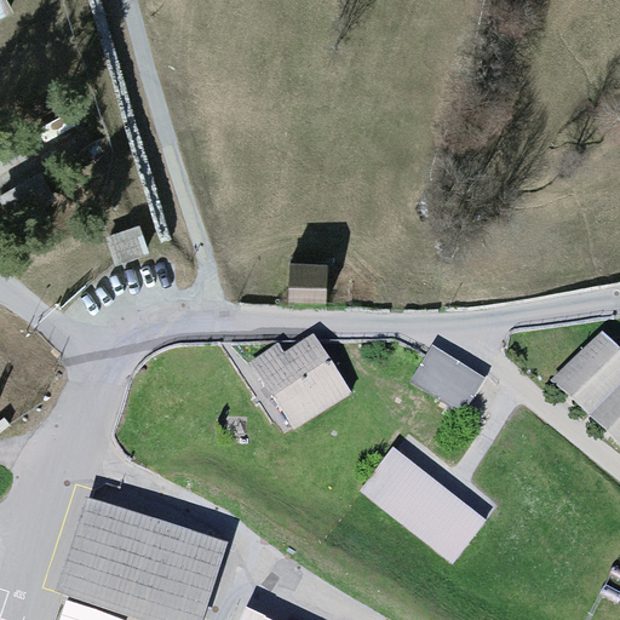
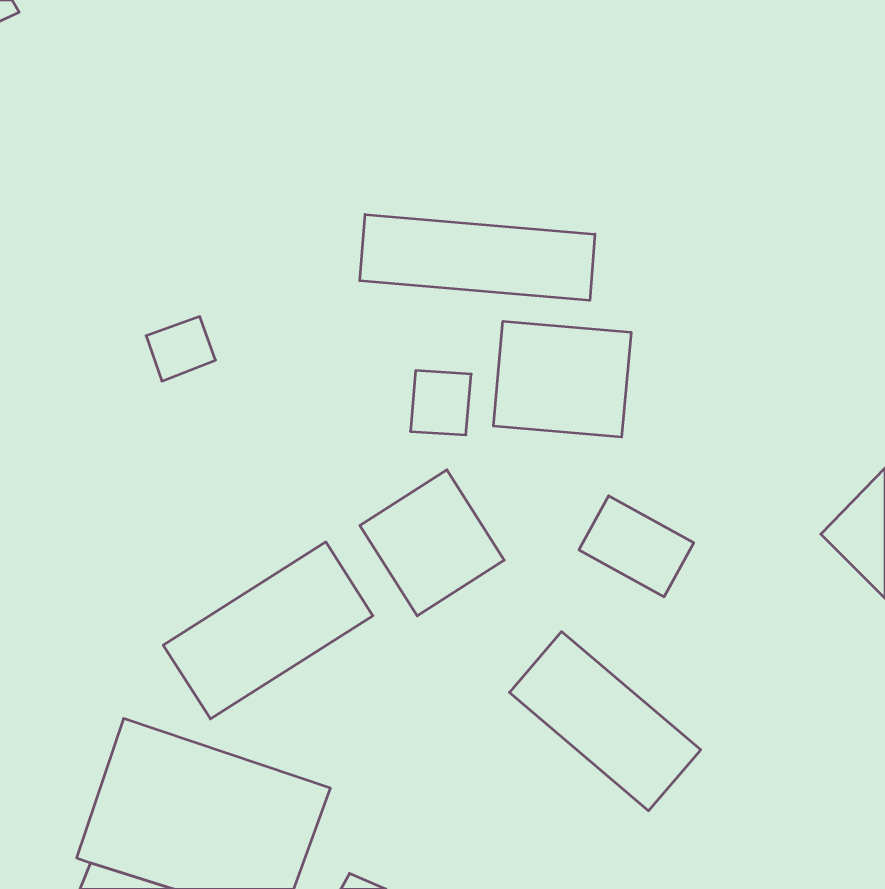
building: none -> [360,214,595,300]
building: none -> [493,321,631,437]
building: none -> [163,542,373,719]

